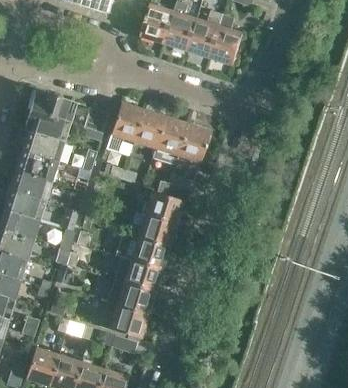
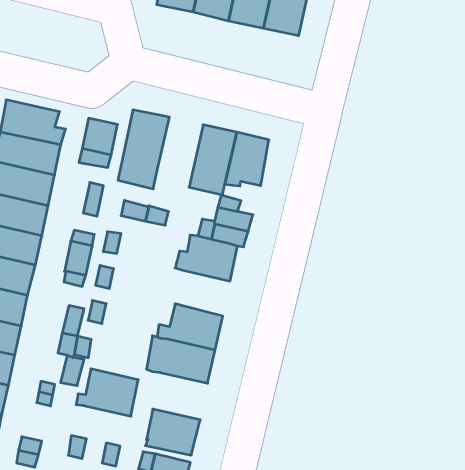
building: [132,111,165,150] -> none
building: [131,214,174,247] -> none
building: [110,281,153,315] -> [76,369,138,416]

